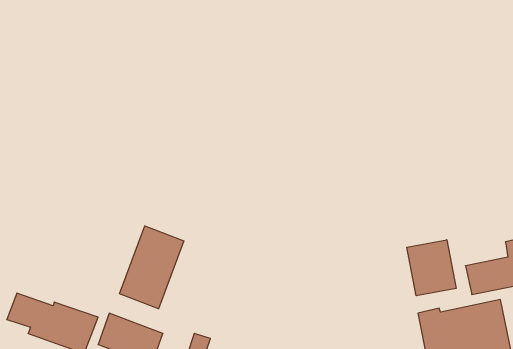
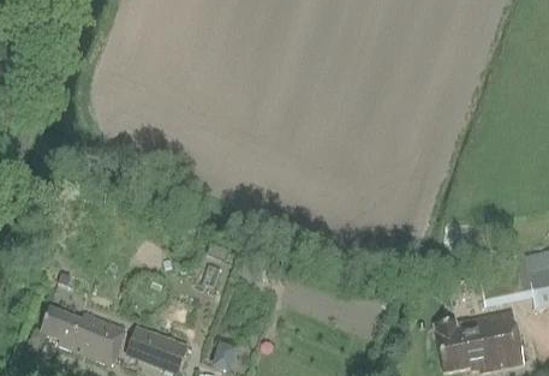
building: [120,226,184,309] -> none
building: [407,240,456,296] -> none

